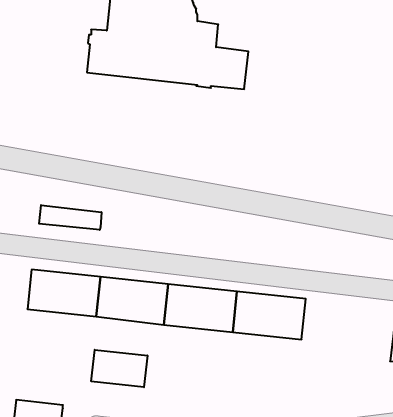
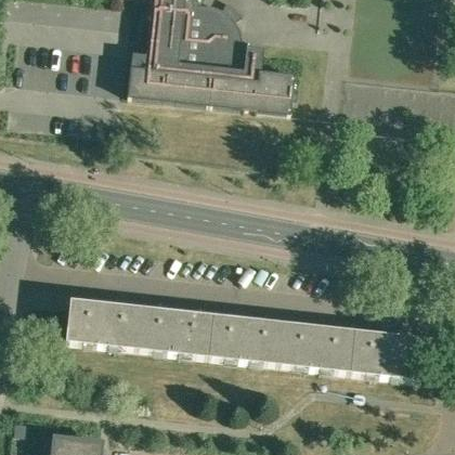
building: [39,205,101,230] -> none
building: none -> [349,328,424,378]
building: [91,350,147,387] -> none

